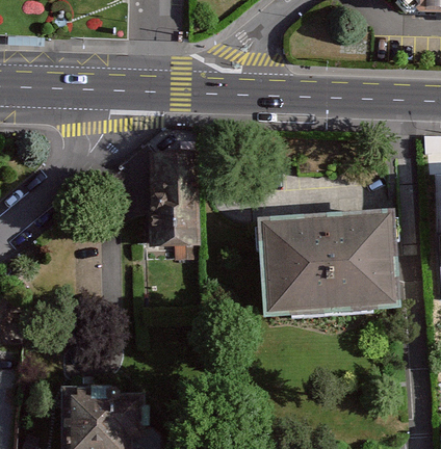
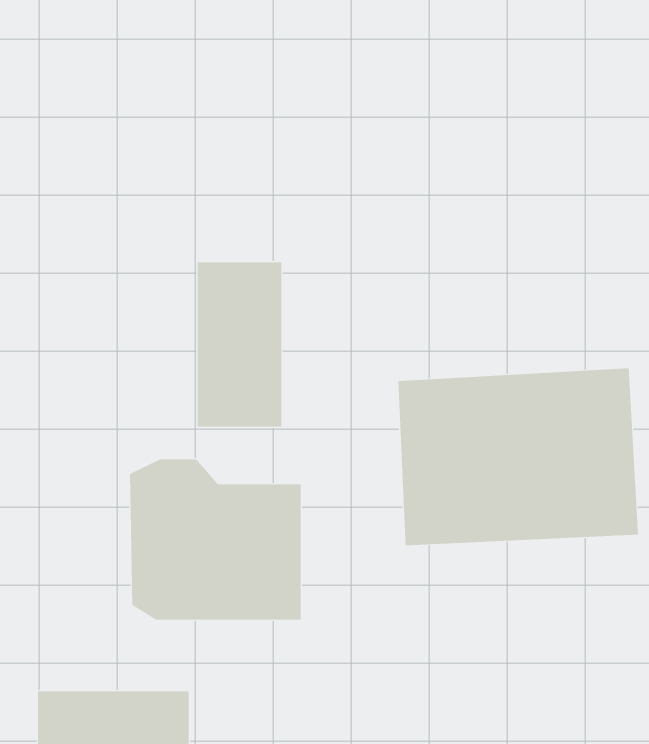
building: none -> [130,458,301,621]

